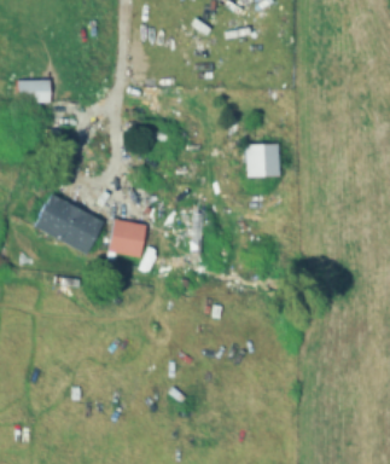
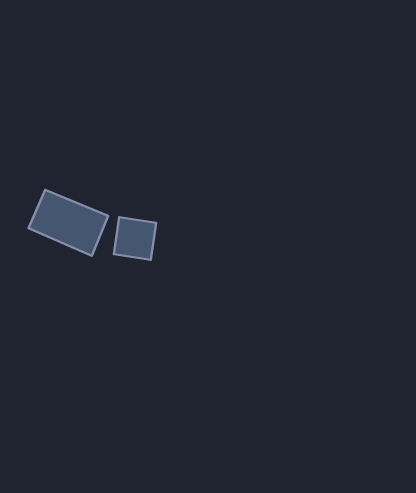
building: [18,81,51,104] -> none
building: [246,143,280,176] -> none

